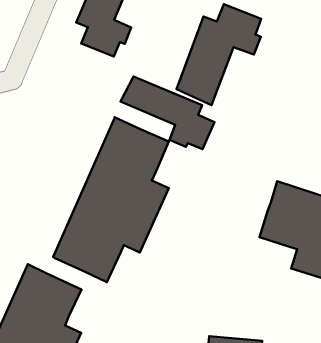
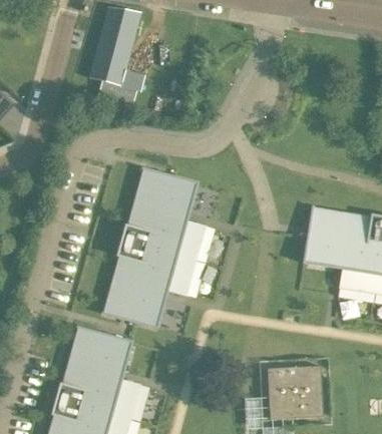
building: [176,4,261,105] -> none
building: [121,76,215,149] -> none

